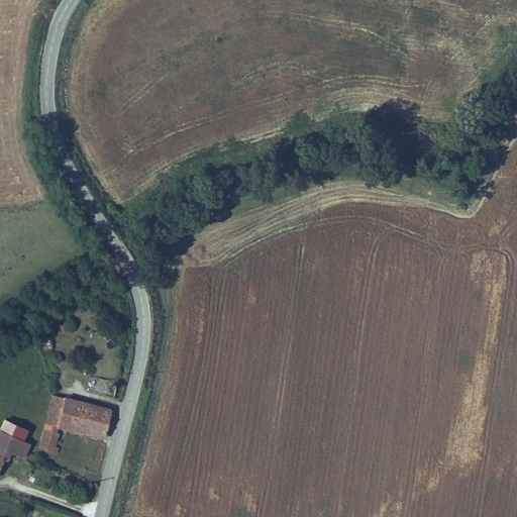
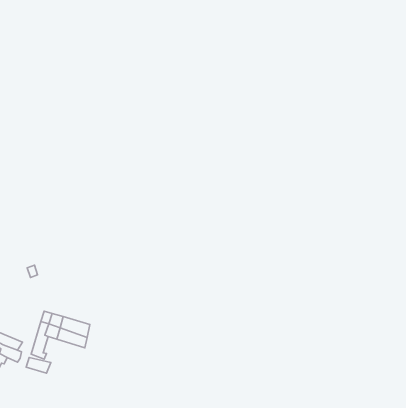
building: none -> [26,357,51,373]

